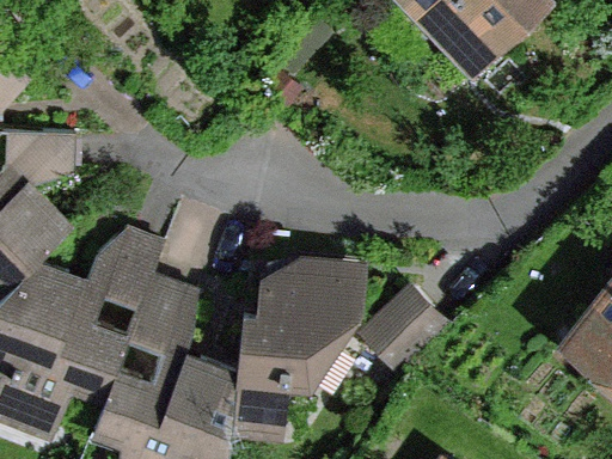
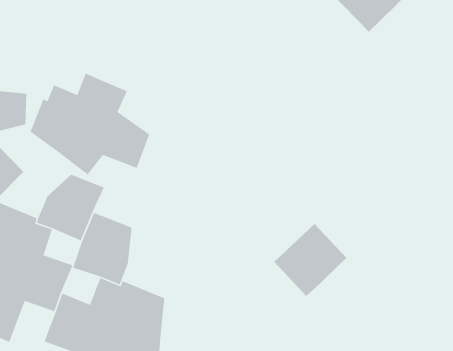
building: none -> [30,73,150,176]
building: [231,270,360,426] -> none

